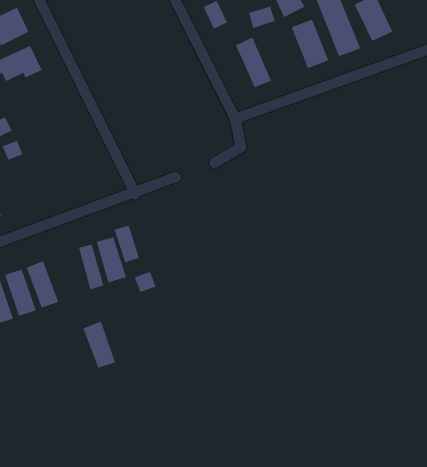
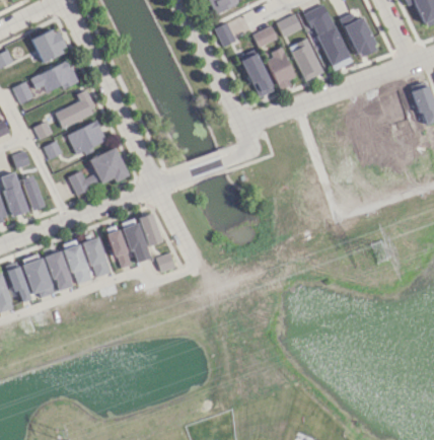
building: none -> [265,49,297,87]
building: none -> [56,89,96,127]
building: none -> [67,121,106,153]
building: none -> [69,147,128,194]
building: [82,321,116,369] -> [82,236,111,277]

